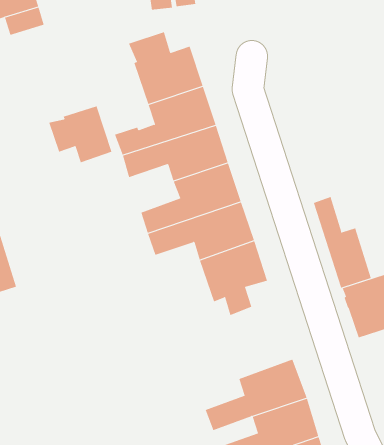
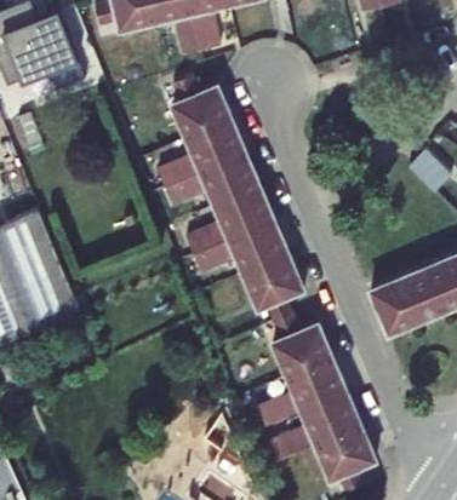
building: [49,105,112,163] -> none
building: [313,196,371,288] -> none
building: none -> [269,314,332,379]

